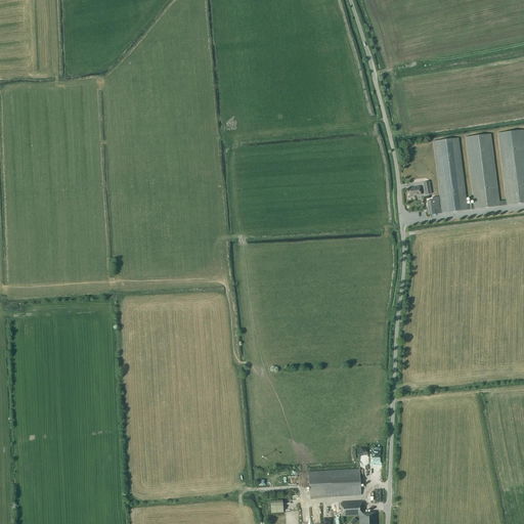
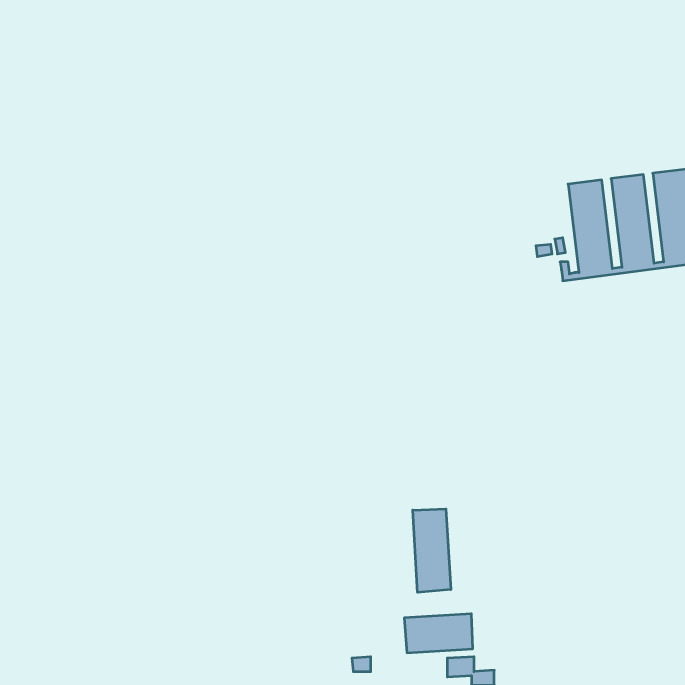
building: none -> [413,509,451,592]

